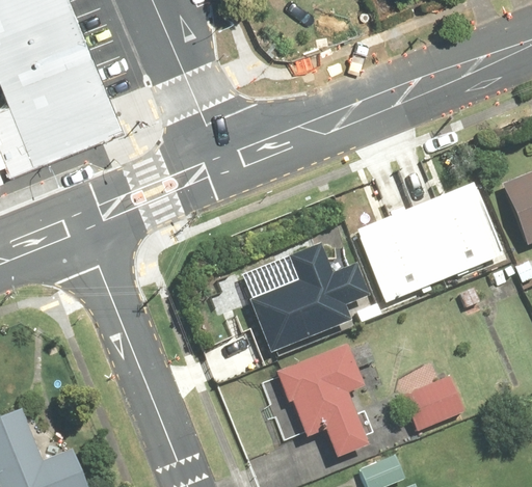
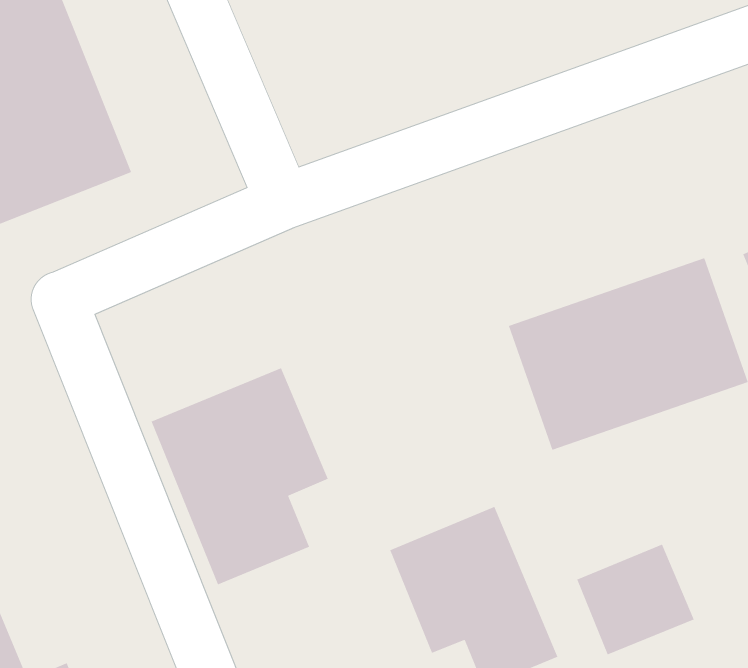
building: [244,236,381,354] -> none
building: none -> [151,367,329,585]

